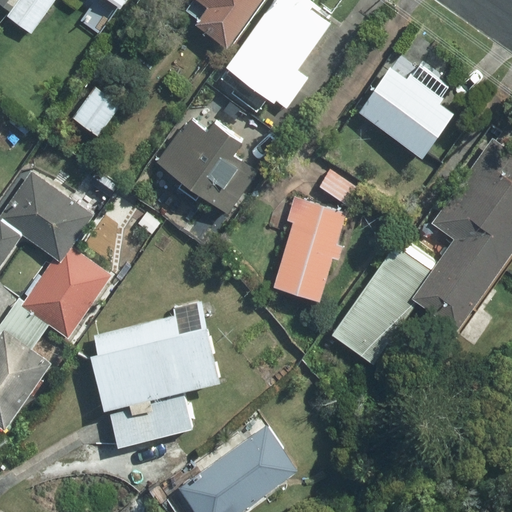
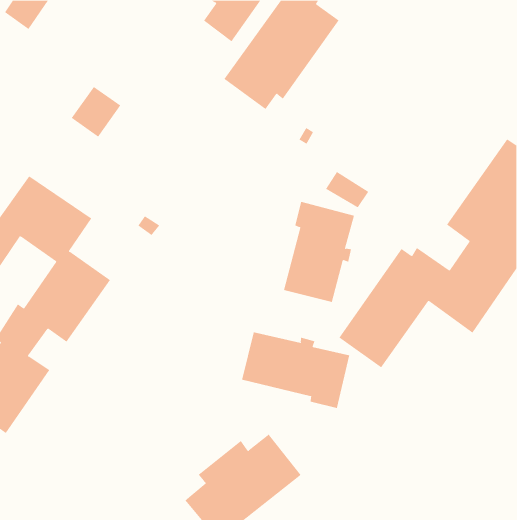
building: [360,70,455,156] -> none
building: [157,122,255,211] -> none
building: [94,304,220,447] -> none
building: none -> [241,331,350,409]

